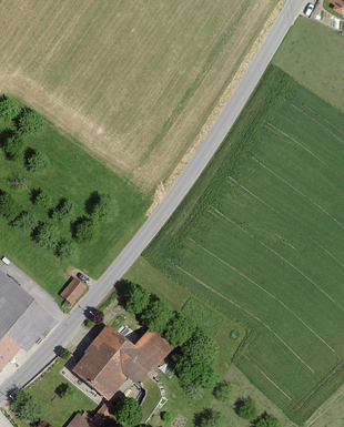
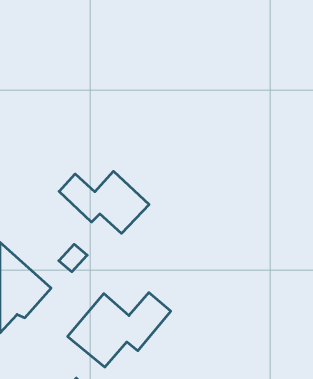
building: none -> [59,171,149,233]

